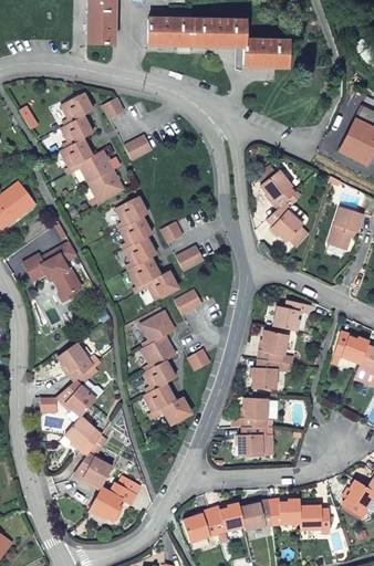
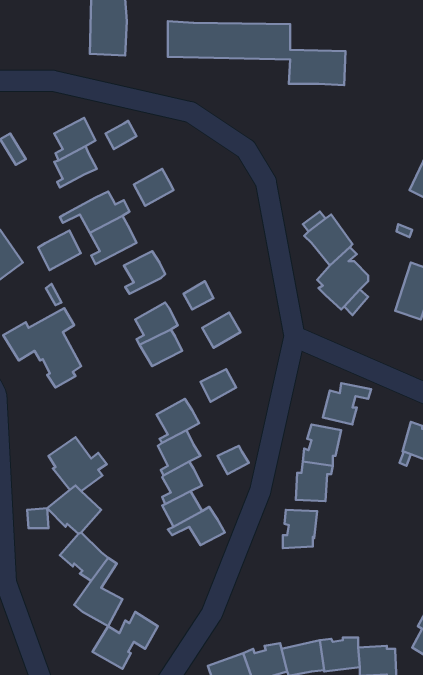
building: [60,137,93,168] -> [38,230,81,270]
building: [120,218,153,250] -> none
building: [134,270,180,302] -> none
building: [236,427,262,457] -> none

